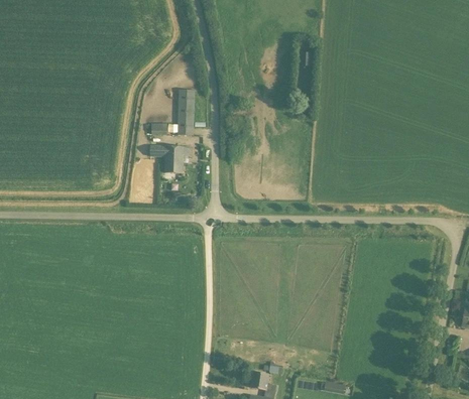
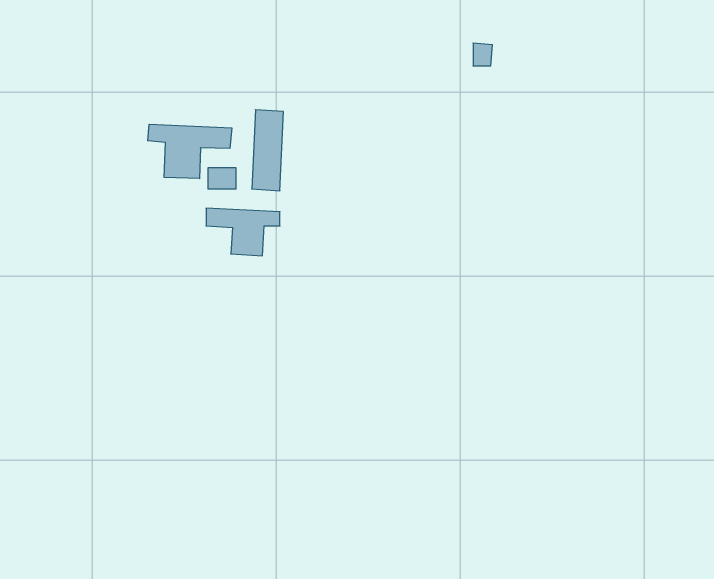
building: none -> [148,124,232,179]

